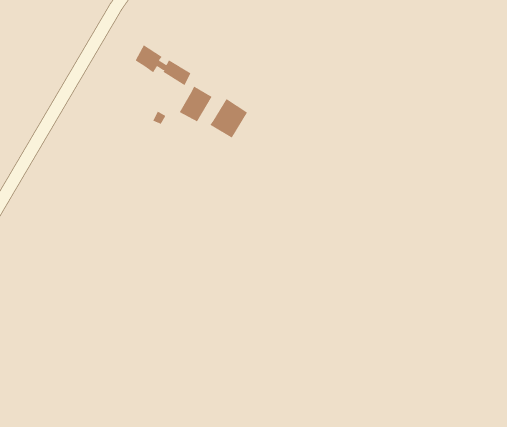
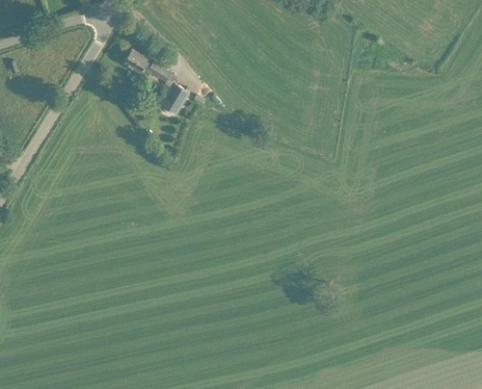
building: [209,98,248,139] -> none

